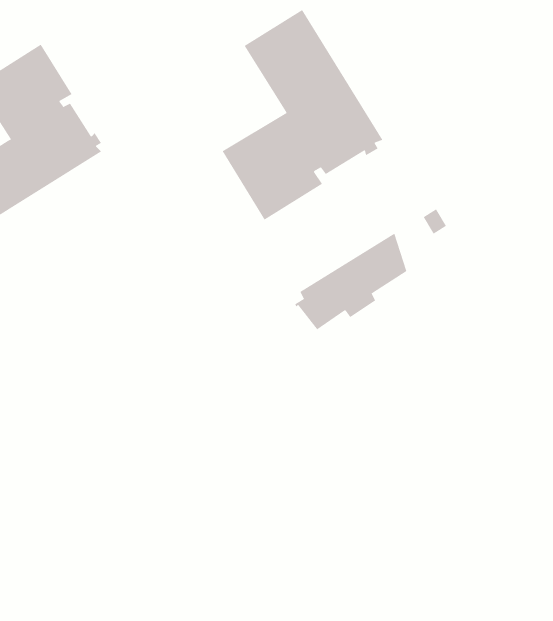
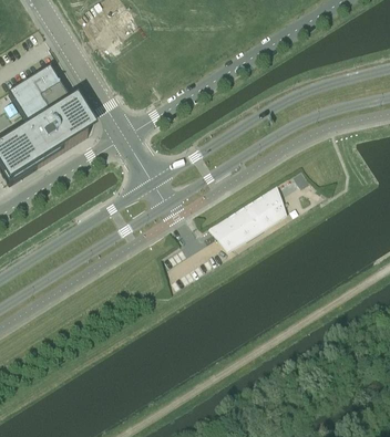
building: [222,9,383,220] -> none

